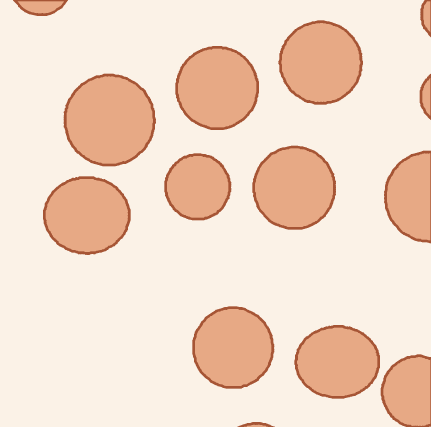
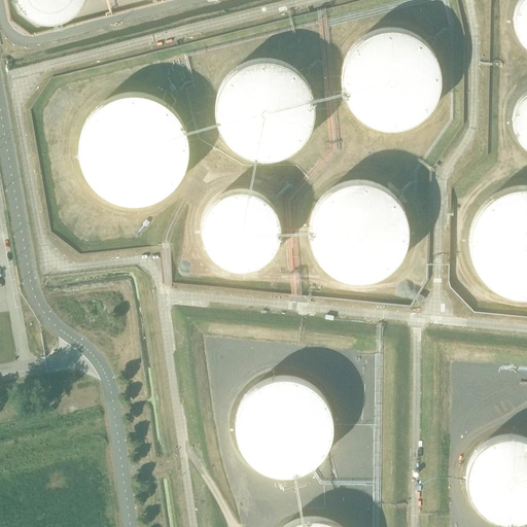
building: [44,178,129,254] -> none
building: [296,326,379,397] -> none

